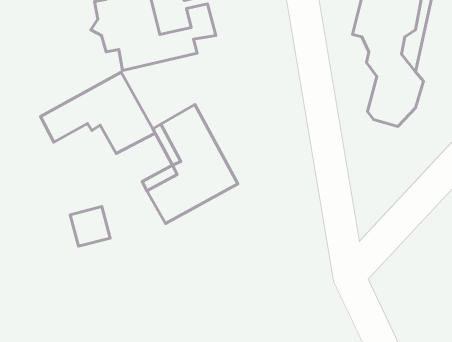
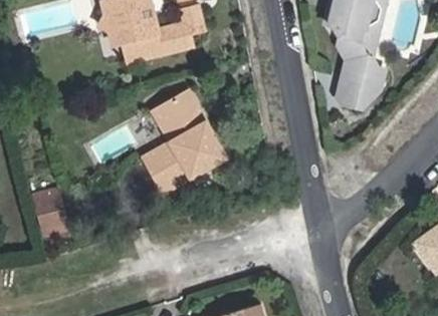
building: [40,72,155,154] -> none
building: [70,207,110,246] -> [32,196,66,230]

